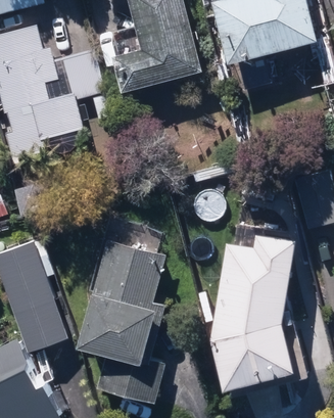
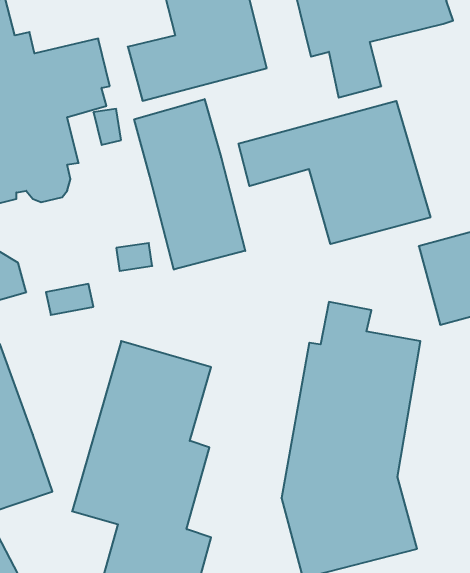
building: none -> [134,99,245,270]
building: none -> [239,101,430,244]

